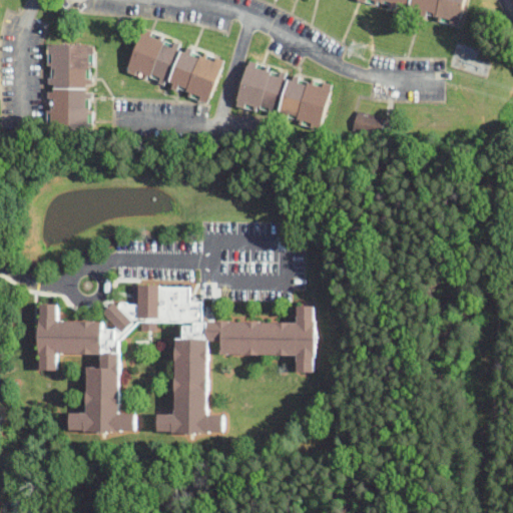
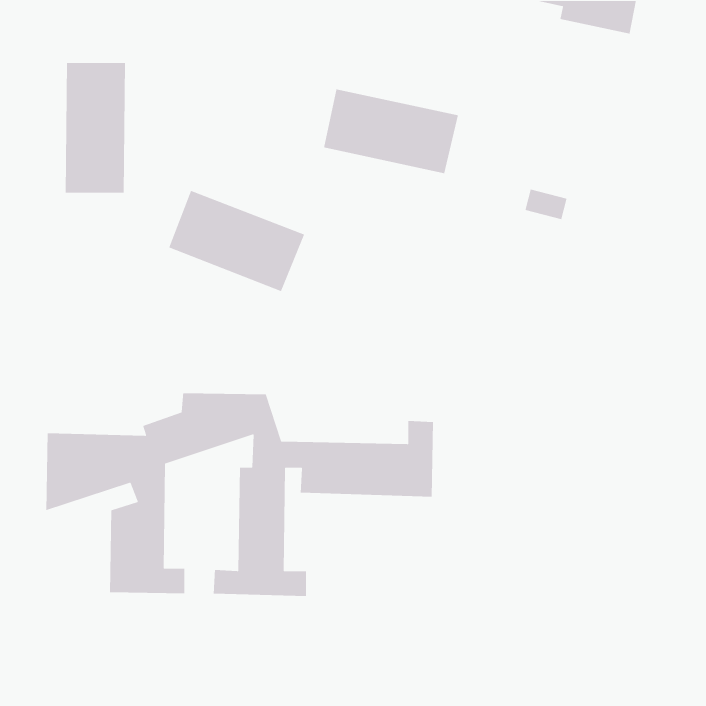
building: [124,29,223,103] -> [168,190,305,292]
building: [352,110,383,133] -> [525,188,567,220]

